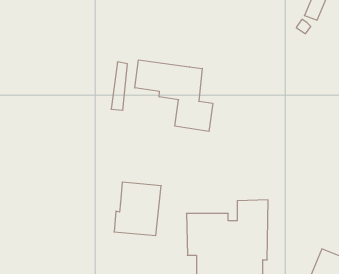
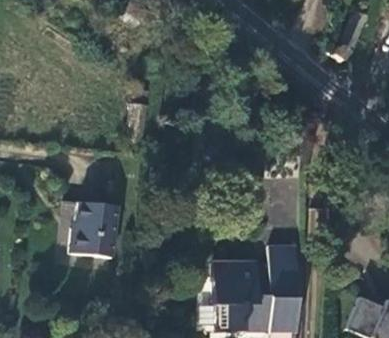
building: [135,60,213,131] -> none
building: [114,182,161,236] -> [67,199,119,258]

